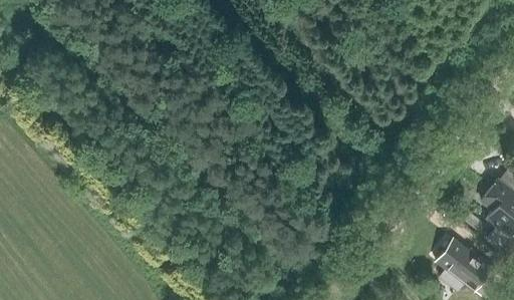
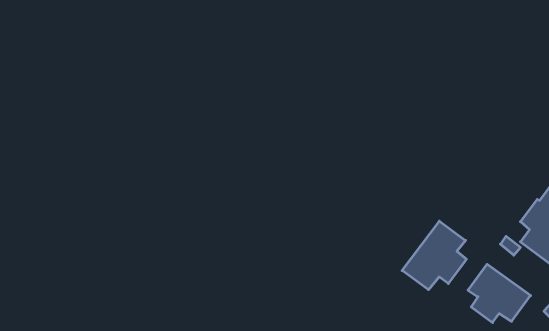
building: none -> [402,221,466,290]

